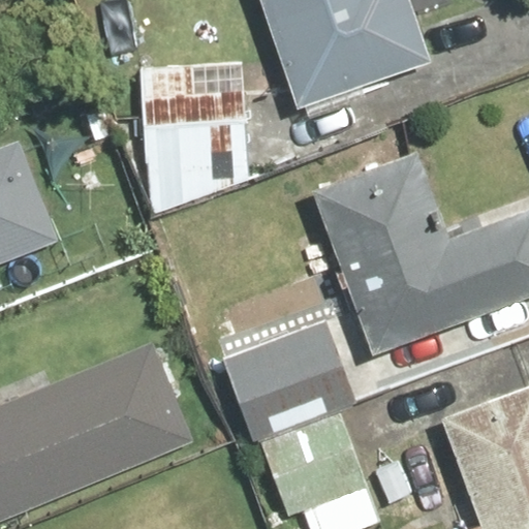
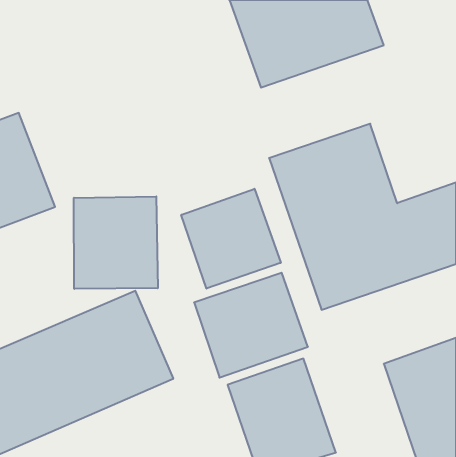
building: [142,61,259,216] -> none
building: none -> [181,189,281,289]
building: none -> [74,196,158,289]

